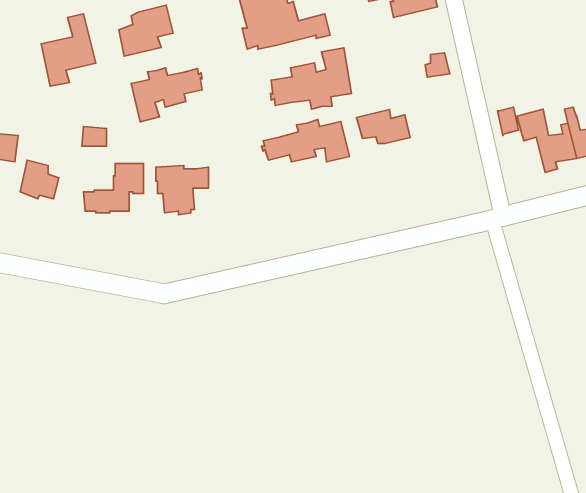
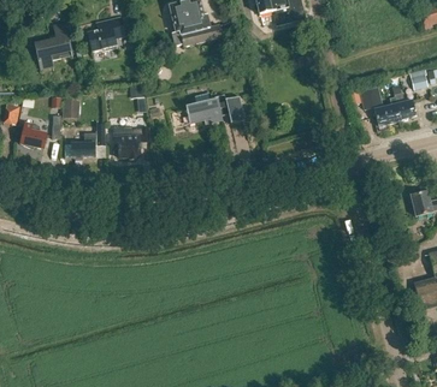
building: [270,48,352,109] -> none
building: [131,68,202,122] -> none
building: [357,110,410,144] -> none

